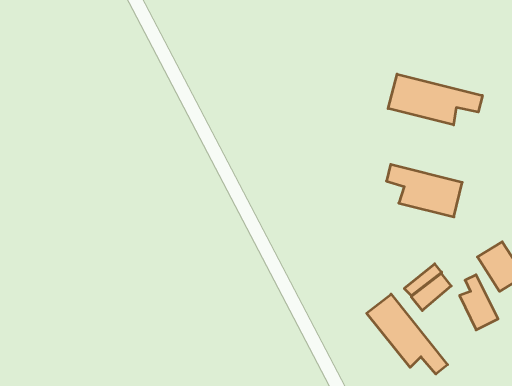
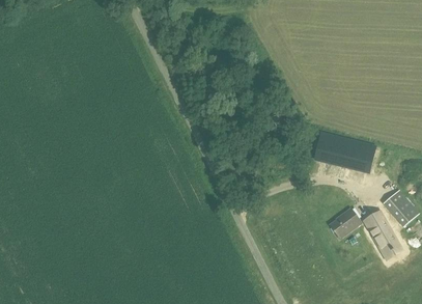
building: [388,74,482,125] -> none
building: [367,294,448,374] -> none

